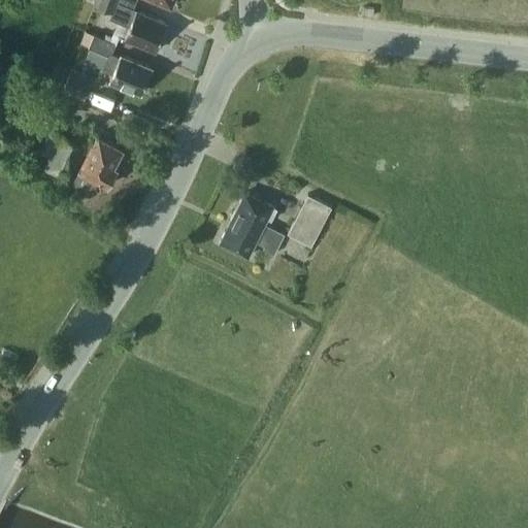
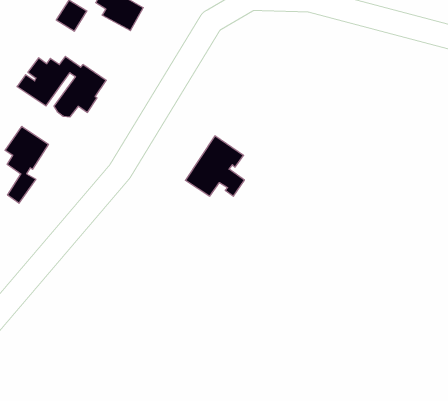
building: [286,196,331,249] -> none
building: none -> [5,126,48,203]

